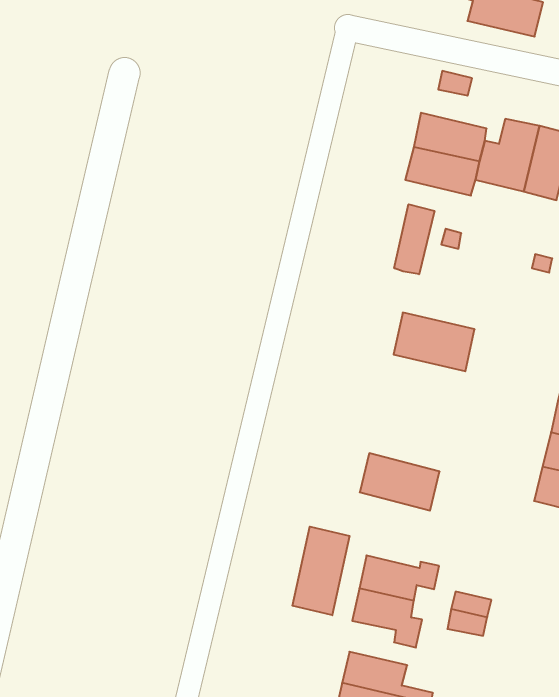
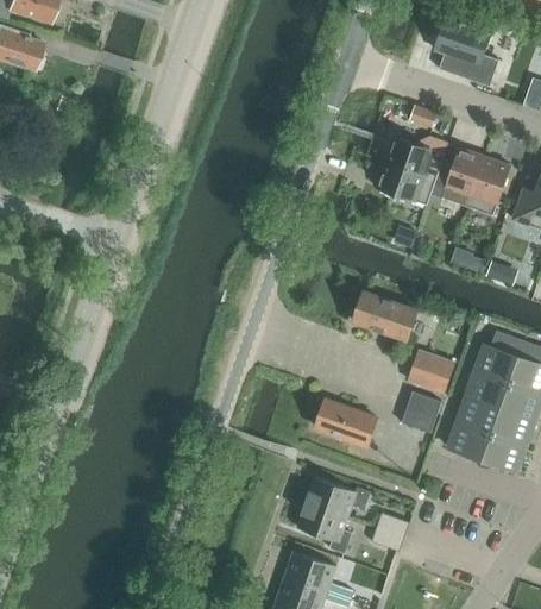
building: [394,204,434,274] -> none
building: none -> [408,350,454,391]
building: none -> [401,390,441,433]
building: [292,527,350,615] -> none

